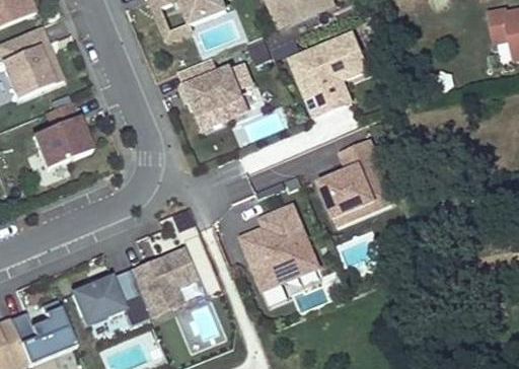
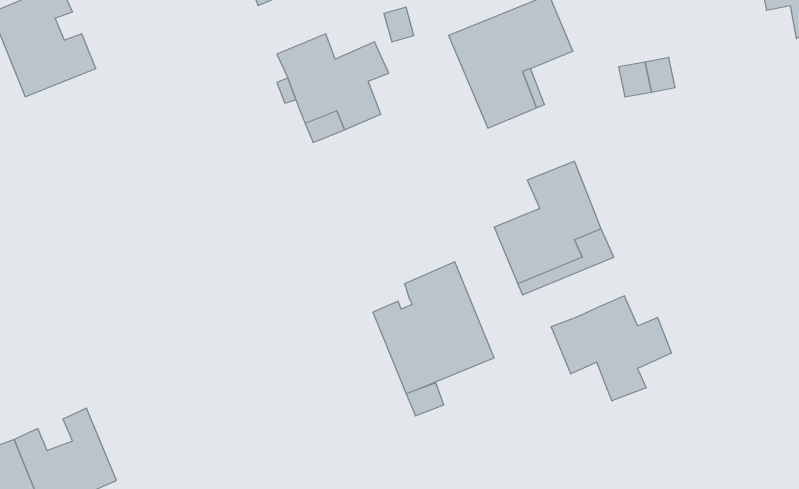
building: [32,100,91,167] -> none
building: none -> [551,296,672,401]
building: [130,247,196,316] -> none
building: [72,275,124,324] -> none

